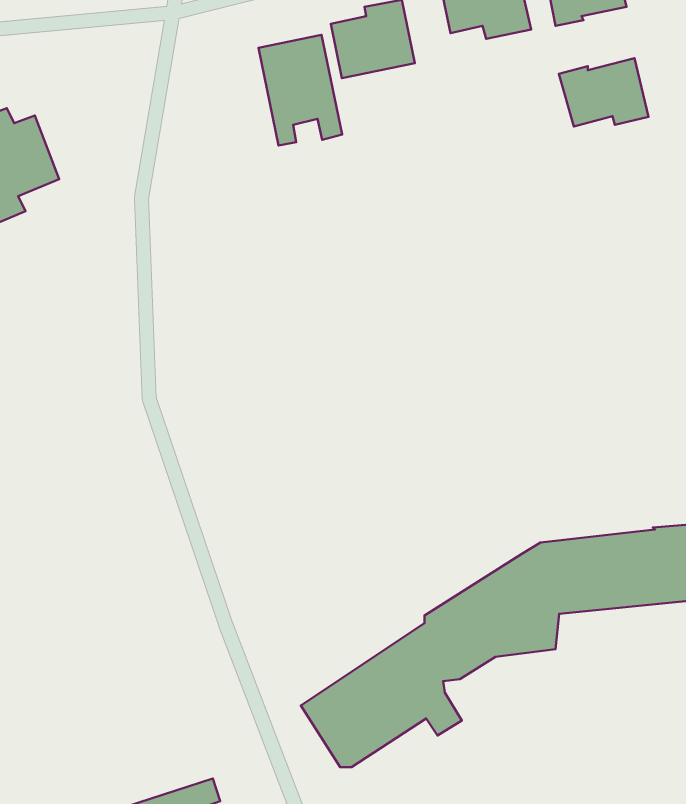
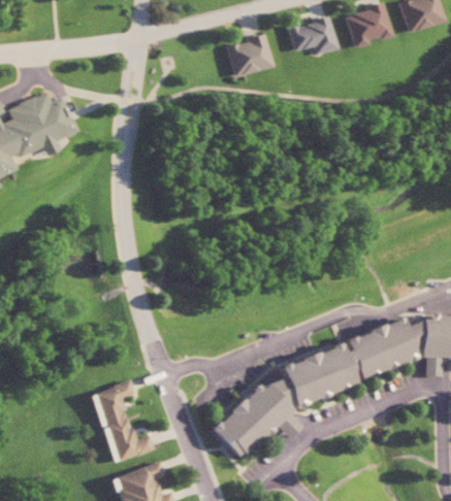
building: [258,35,342,146] -> none
building: [559,58,648,127] -> none
building: none -> [91,380,155,464]

